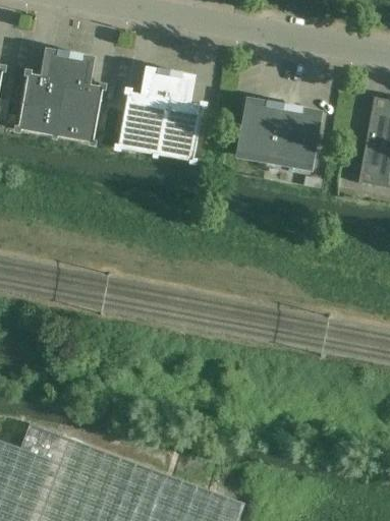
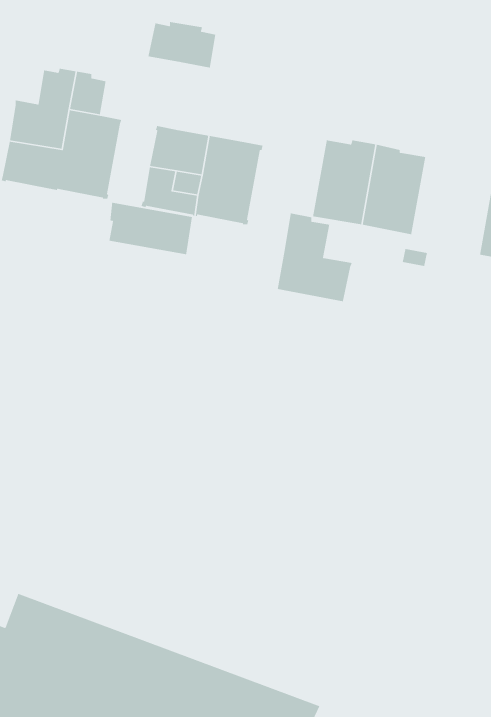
building: [143,69,191,103] -> [148,21,216,68]
building: none -> [108,202,193,255]
building: none -> [277,213,353,302]

